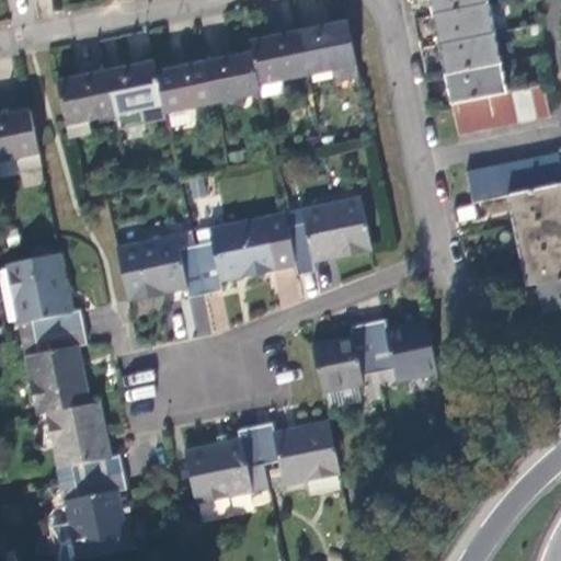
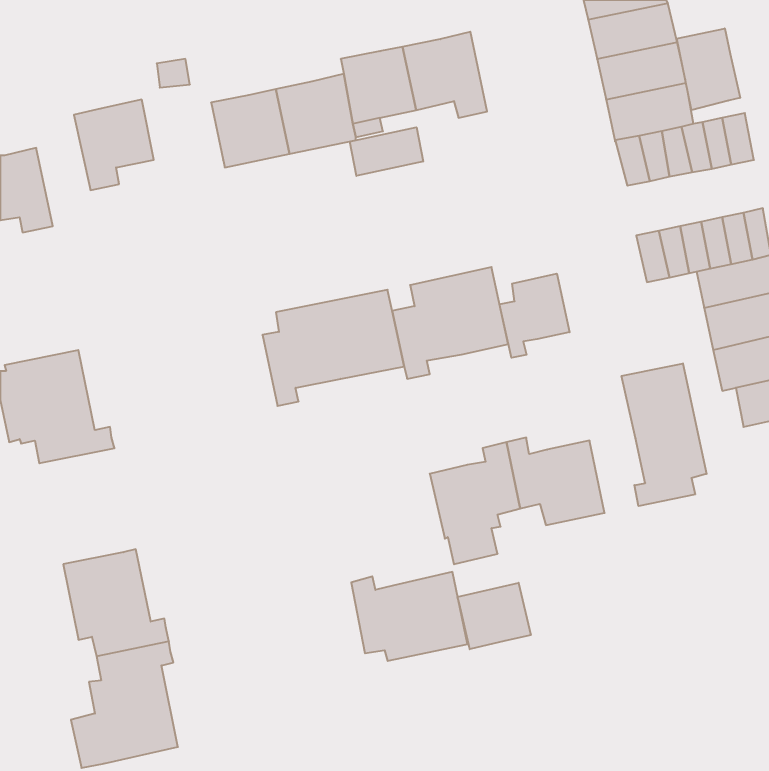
building: none -> [677,28,740,110]
building: [104,62,163,122] -> none
building: none -> [350,127,423,176]
building: none -> [500,274,570,358]
building: [114,233,203,301] -> none
building: none -> [622,363,707,506]
building: [22,325,91,413] -> none
building: [188,423,268,499] -> none
building: none -> [458,583,531,649]

